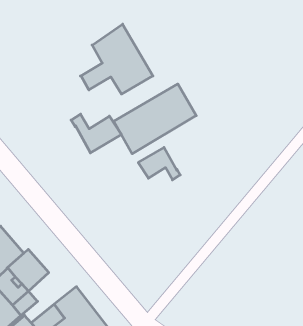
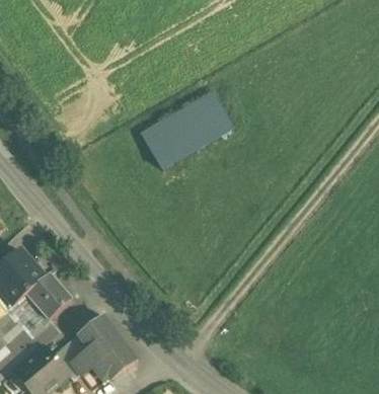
building: [80,24,153,94] -> none
building: [71,114,121,153] -> none
building: [138,147,180,180] -> none

